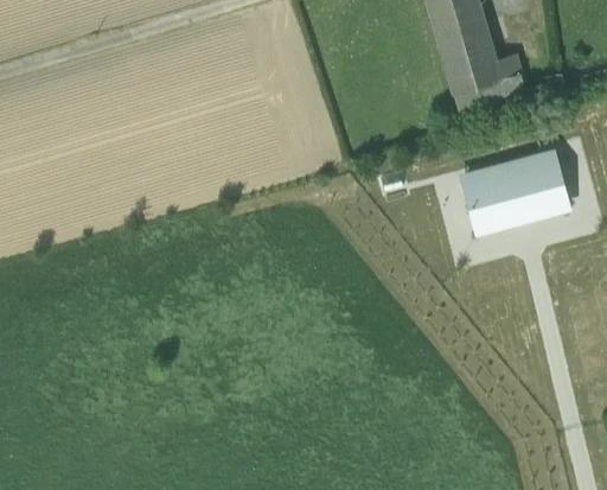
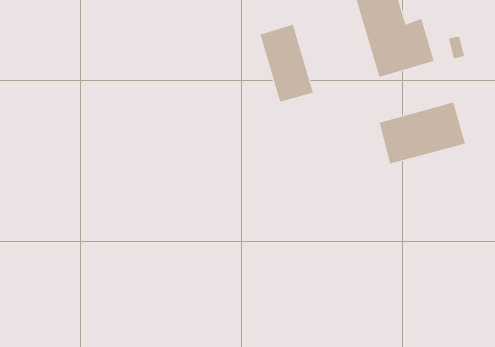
building: none -> [260,24,314,103]

